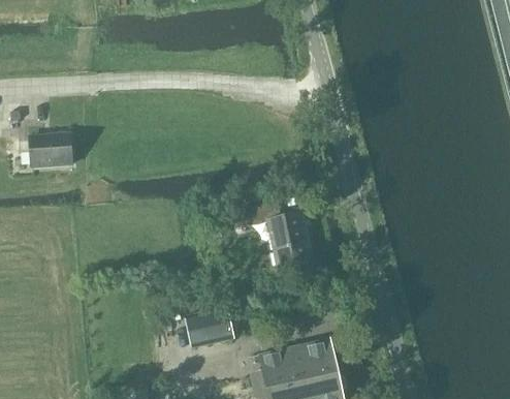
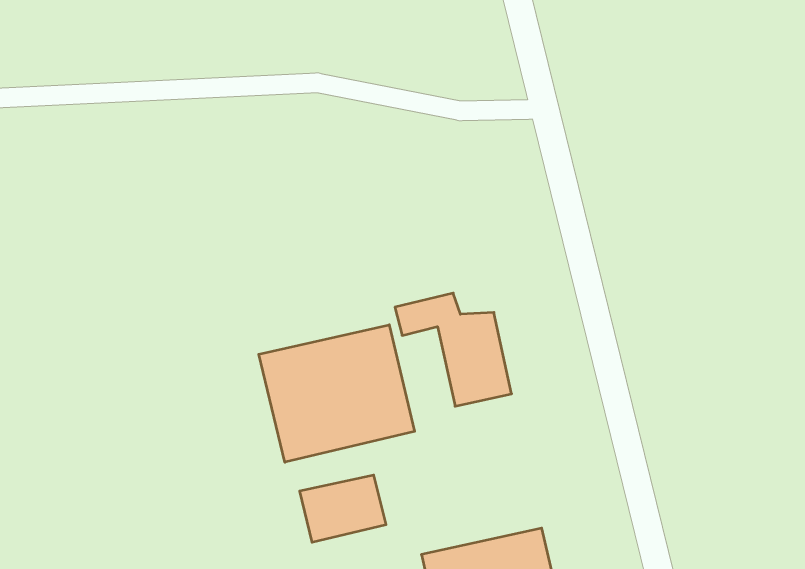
building: [29,134,71,166] -> none
building: none -> [259,325,415,462]

